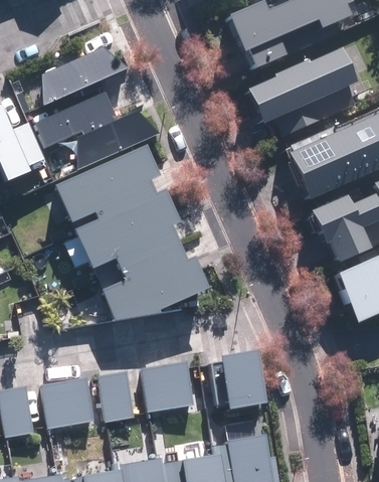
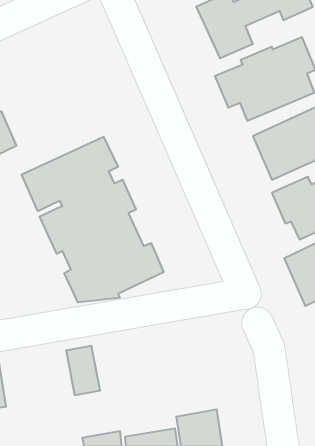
building: [42,47,127,106] -> none
building: [37,92,162,169] -> none
building: [217,352,261,412] -> none
building: [142,361,192,415] -> none
building: [42,376,93,428] -> none

